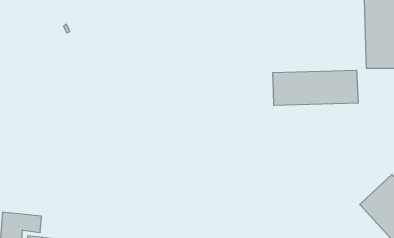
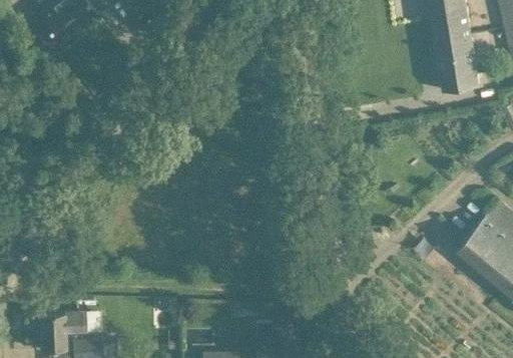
building: [273,70,358,106] -> none

